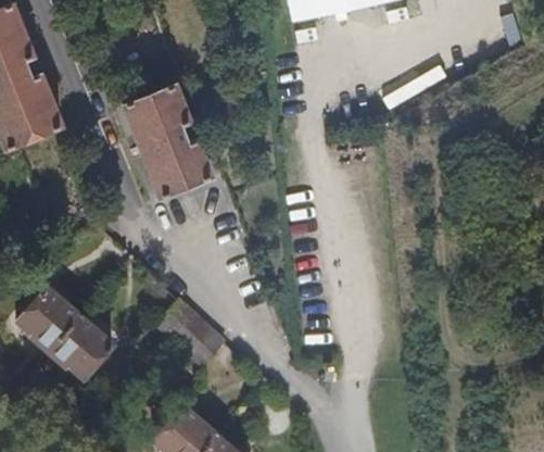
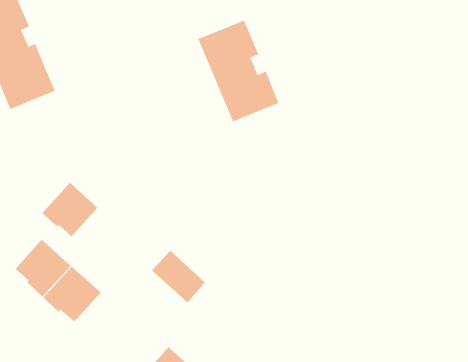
building: [124,86,213,198] -> [198,20,279,122]
building: none -> [41,182,98,237]

